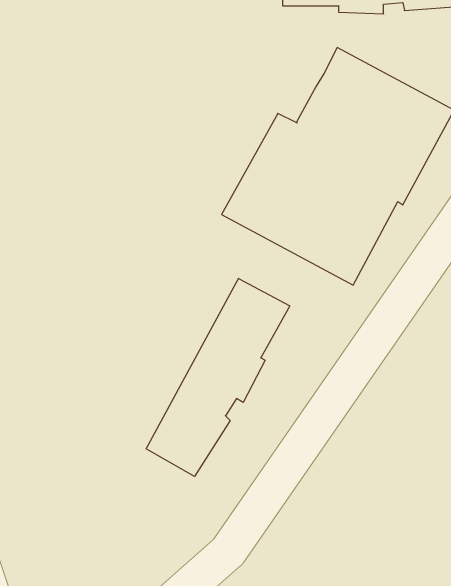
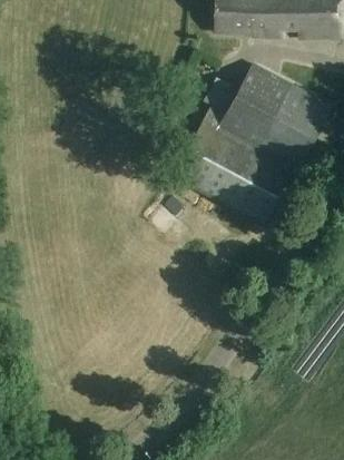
building: [146,278,290,476] -> none

